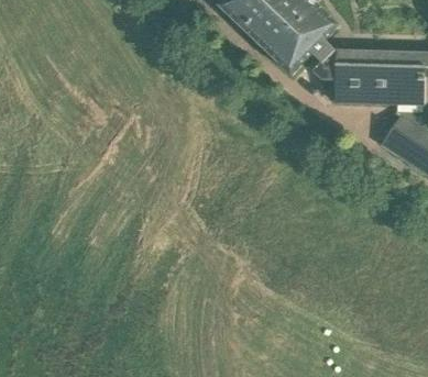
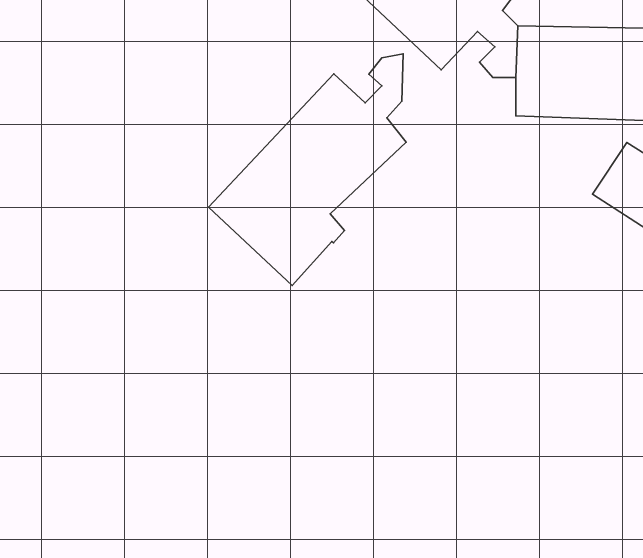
building: none -> [208,54,406,286]

